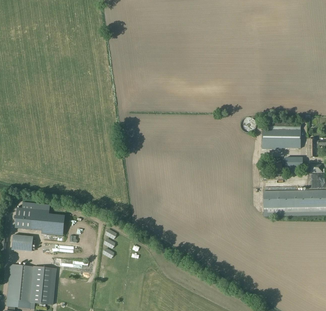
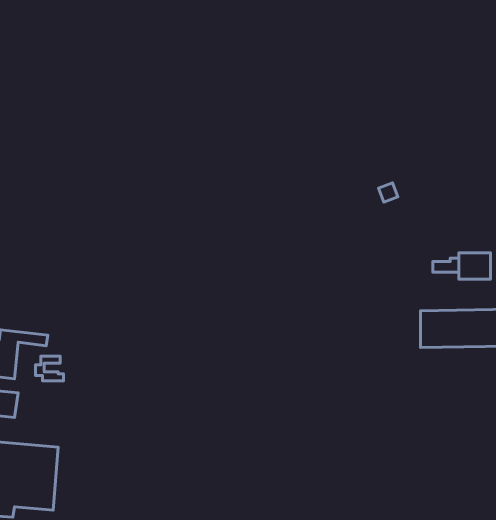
building: [262,118,301,149] -> none

